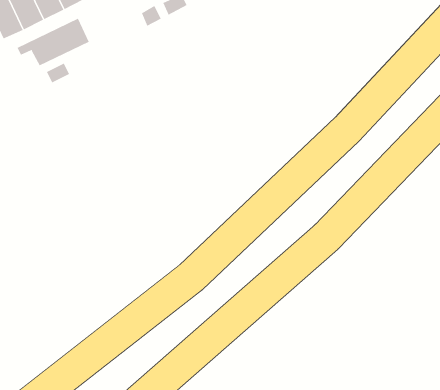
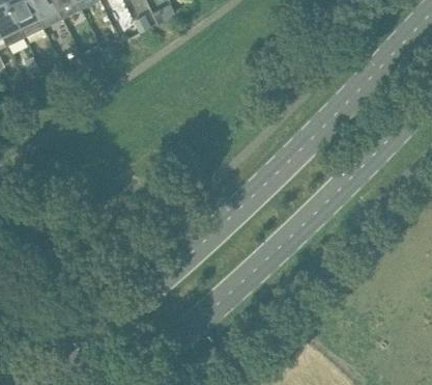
building: [17,18,89,66] -> none

